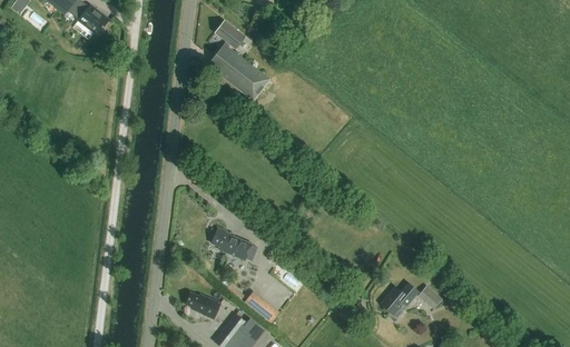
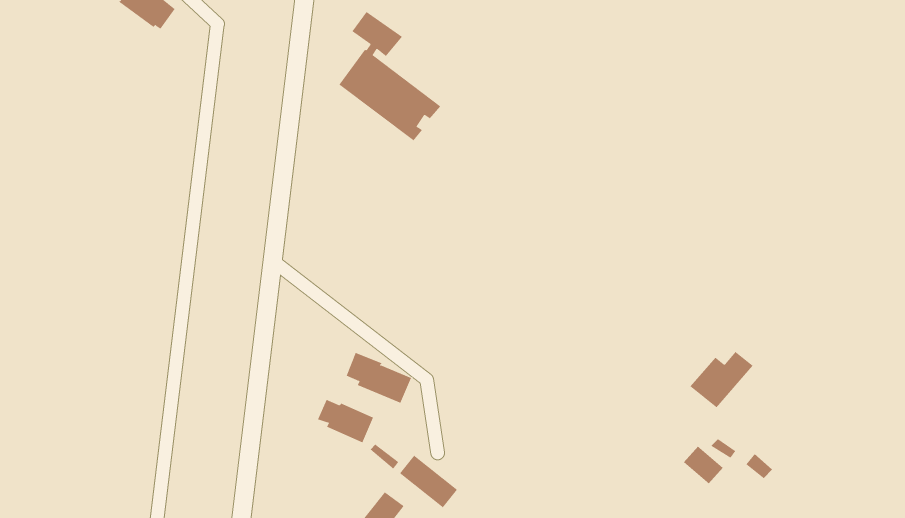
building: [381,282,420,317] -> [689,351,754,408]
building: [186,291,220,318] -> [317,399,374,443]

